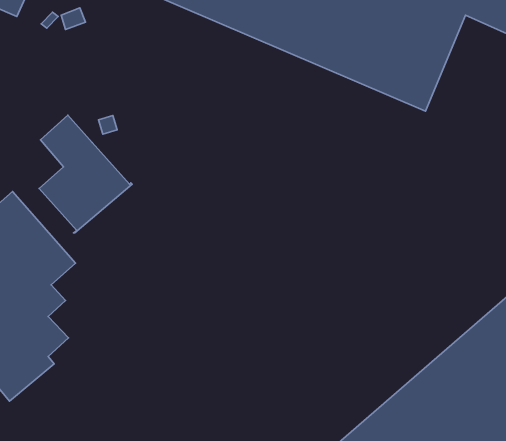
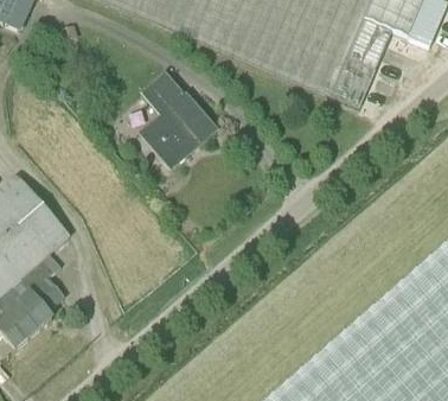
building: [39,115,132,233] -> [141,70,218,167]

